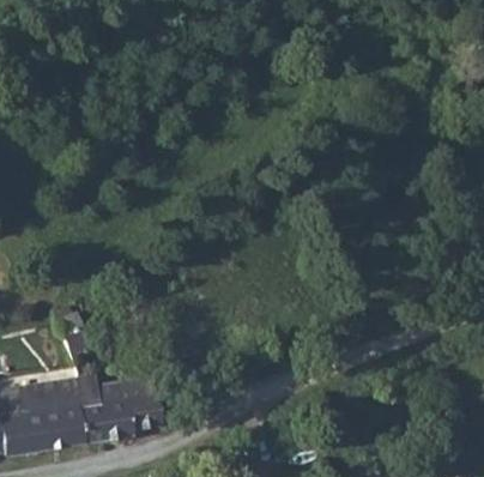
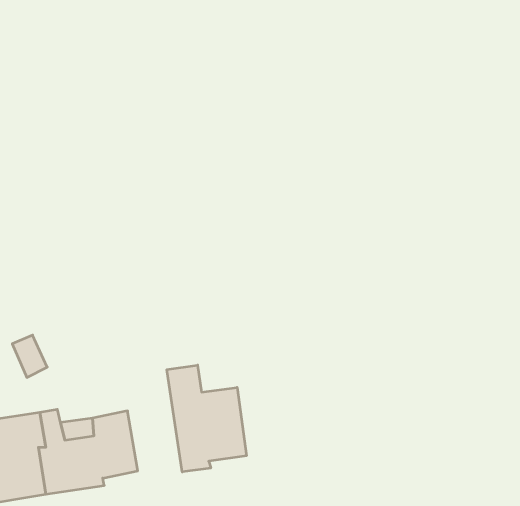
building: none -> [167,365,246,472]

